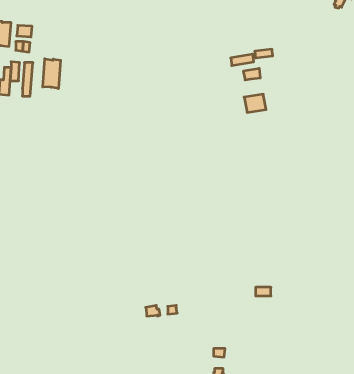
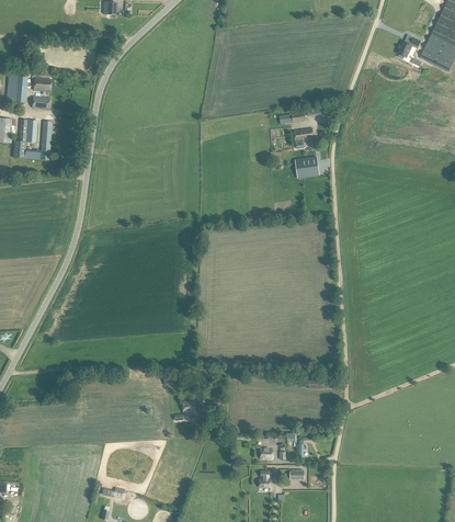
building: [43,59,61,89] -> none

